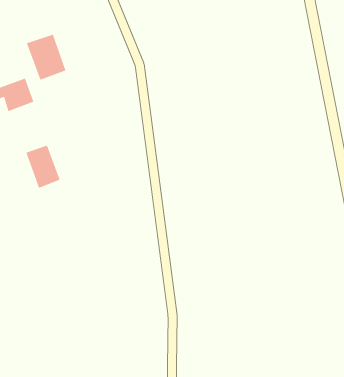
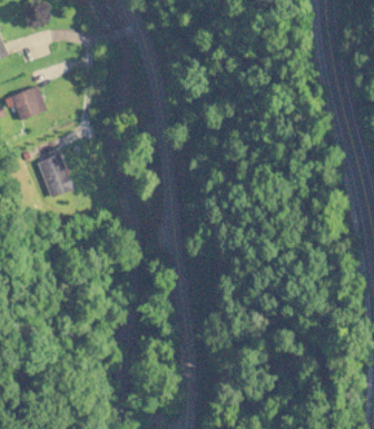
building: [26,34,66,81] -> none

